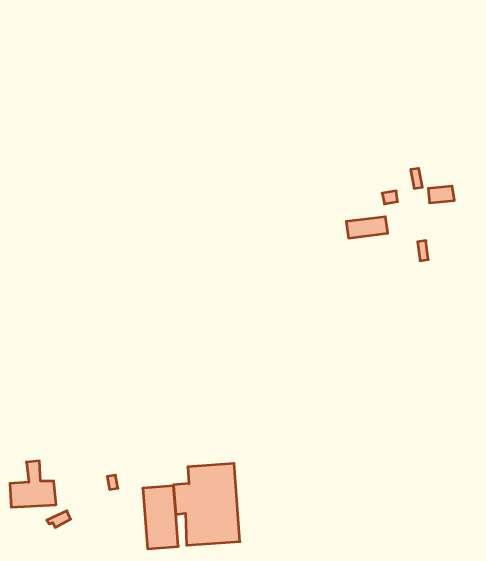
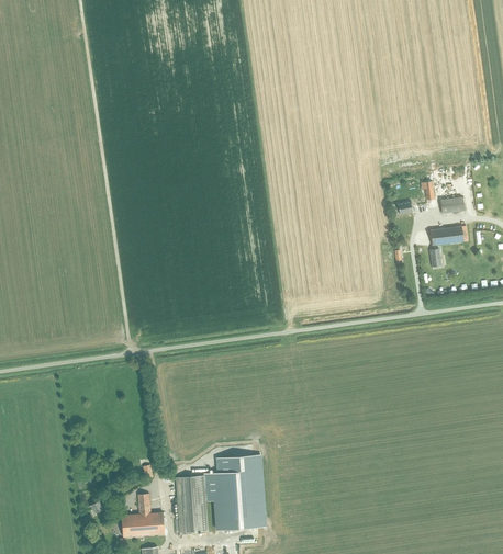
building: [346,217,388,238] -> [428,226,467,246]
building: [10,461,56,507] -> [121,494,164,536]

